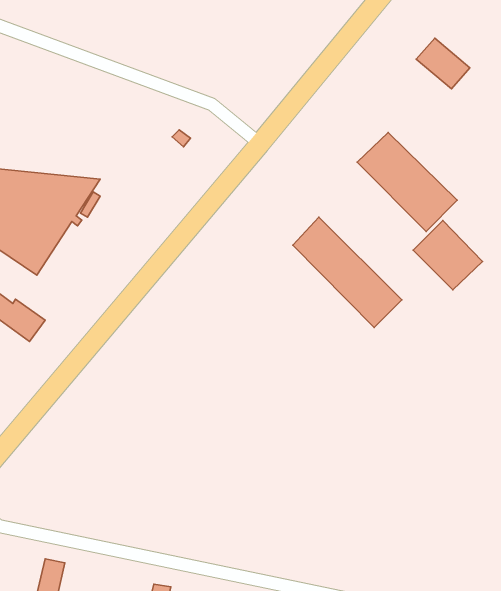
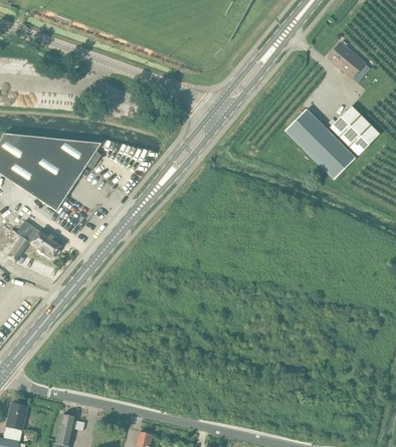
building: [293,217,402,328] -> none
building: [413,221,482,290] -> [329,105,378,155]

